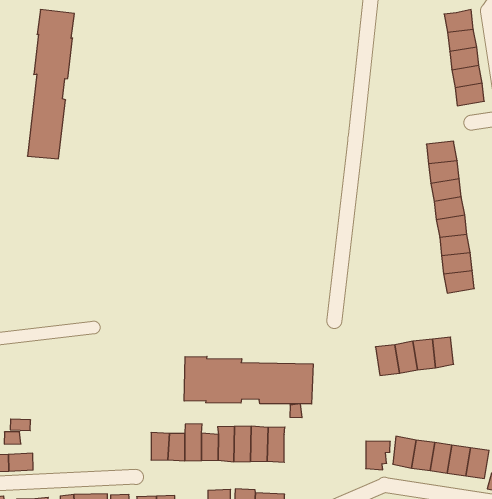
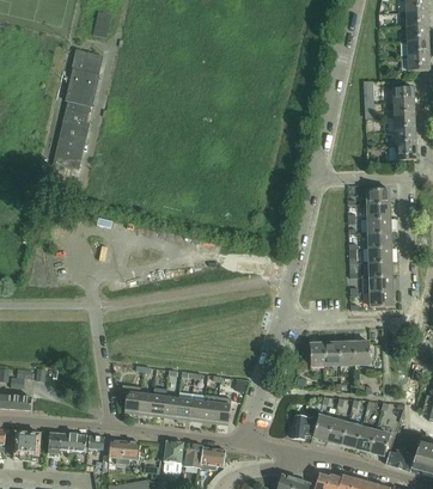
building: [184,356,313,404] -> none

